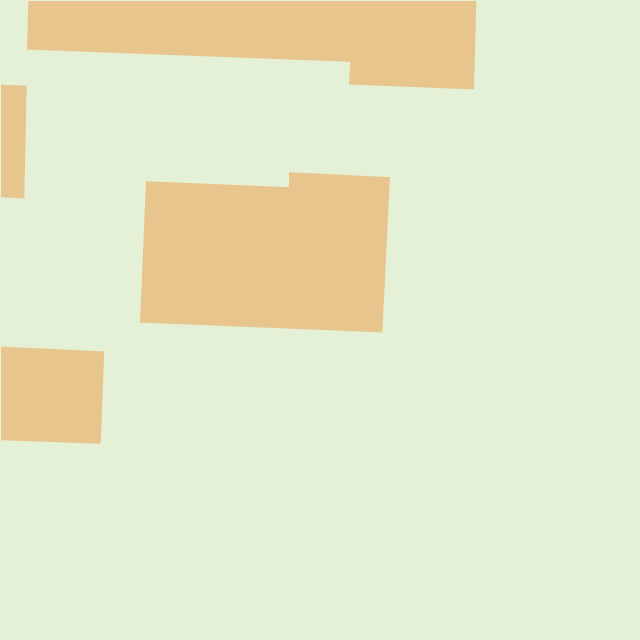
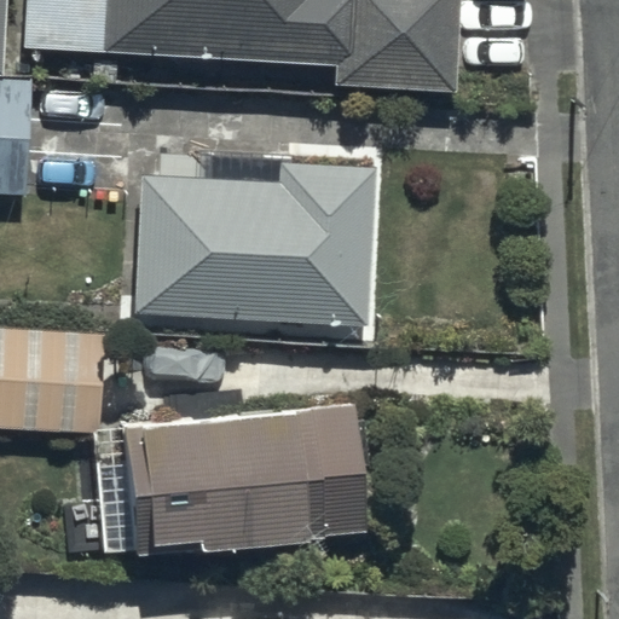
building: none -> [125,404,368,551]

